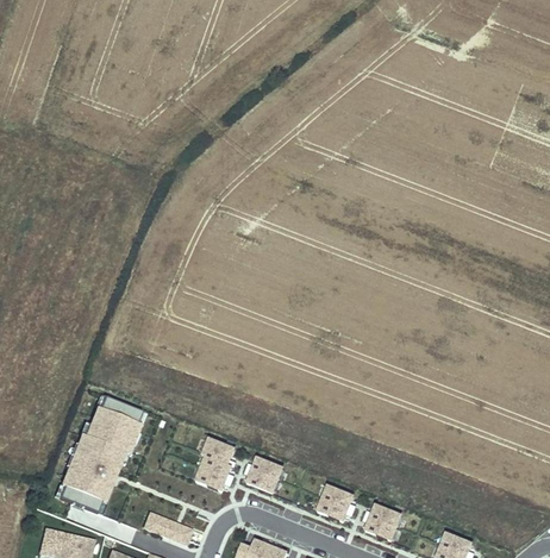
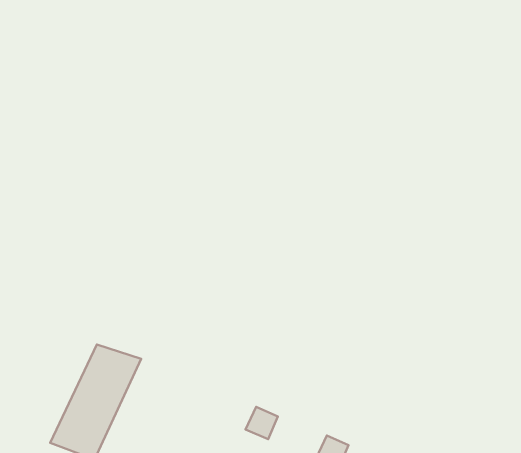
building: [193,439,235,490] -> none

